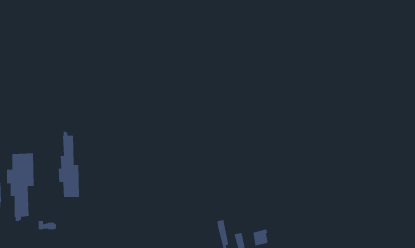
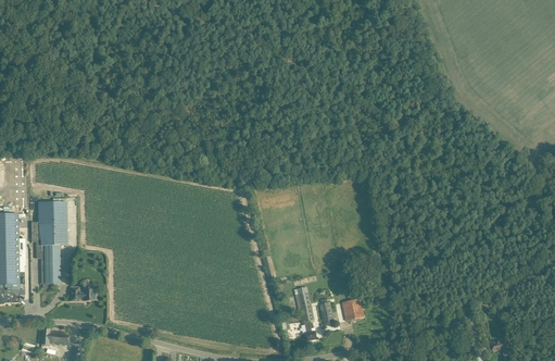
building: [58,131,80,198] -> none

